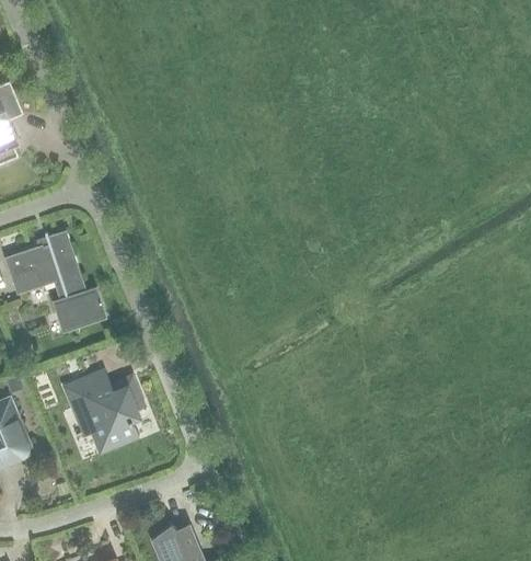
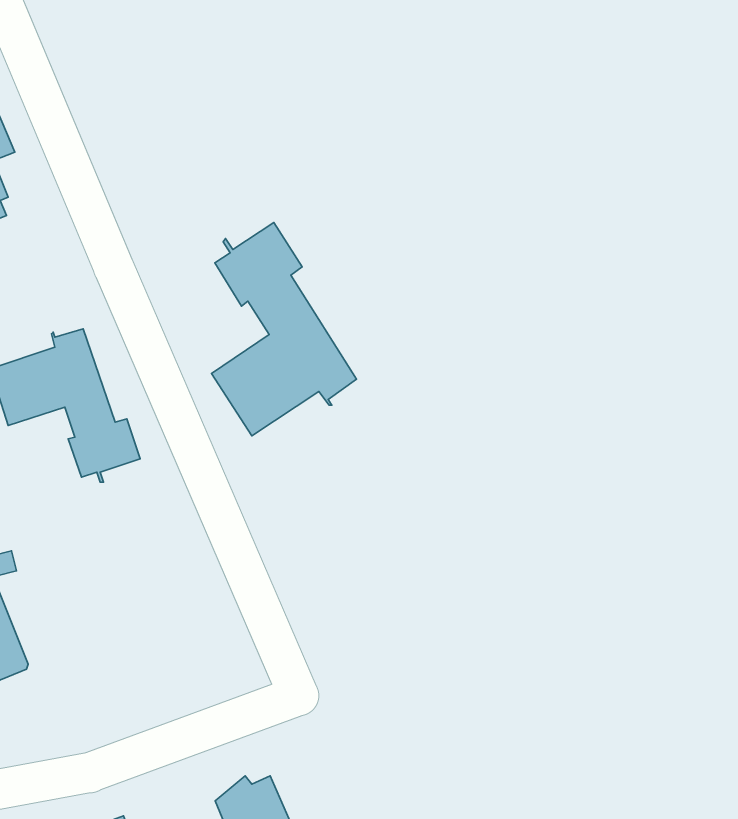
building: none -> [211,222,356,436]
building: [66,376,145,453] -> none

